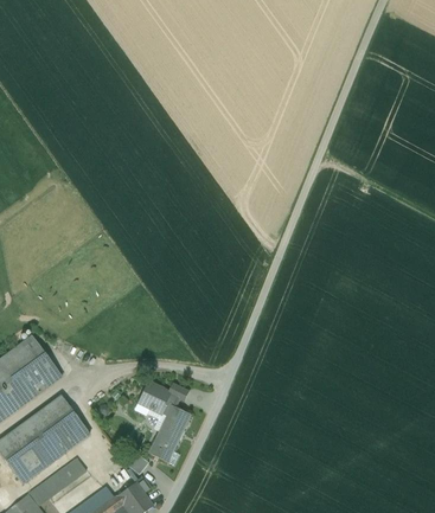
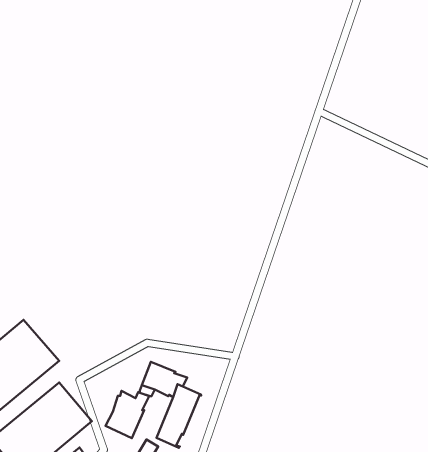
building: none -> [106,391,149,438]

